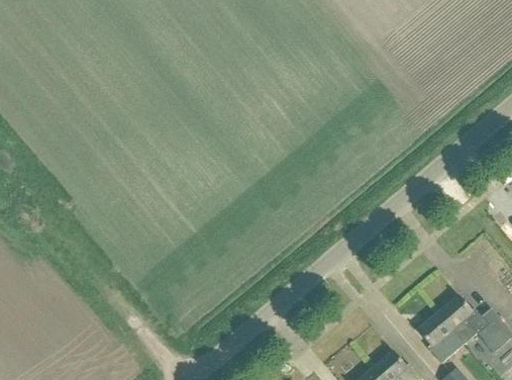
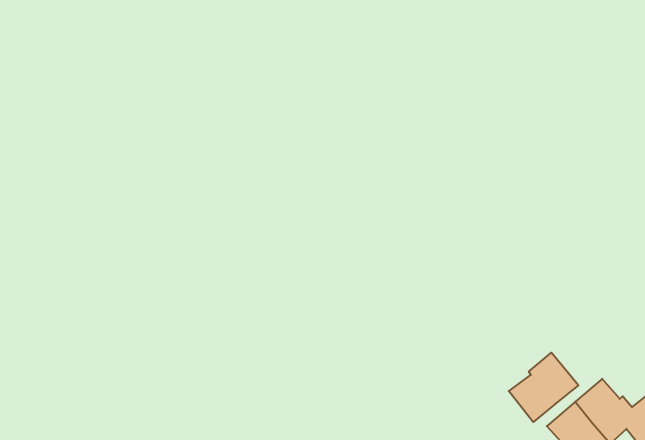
building: none -> [509,353,578,422]

